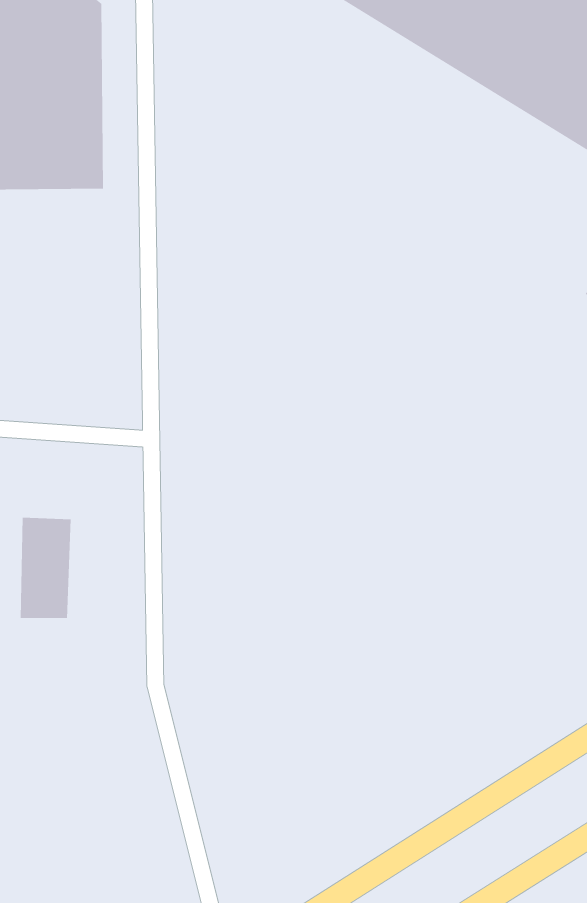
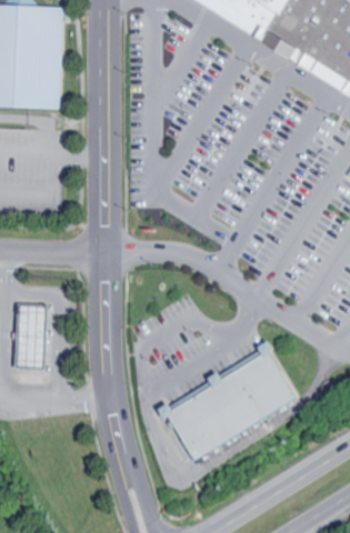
building: none -> [158,342,297,455]

